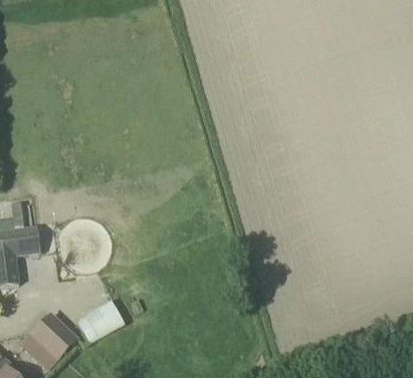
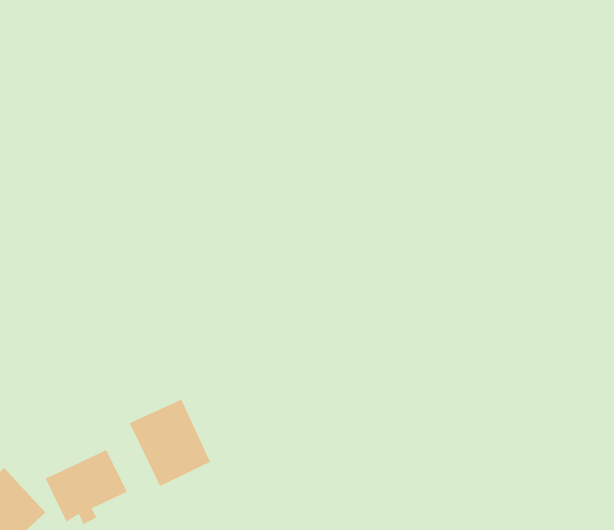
building: none -> [129,399,211,487]

